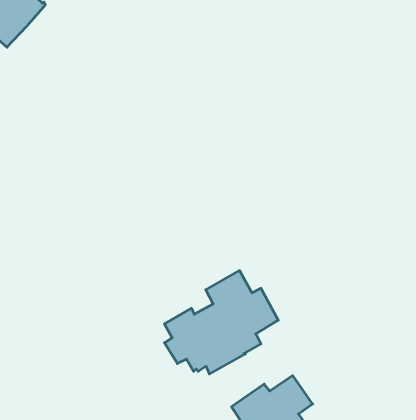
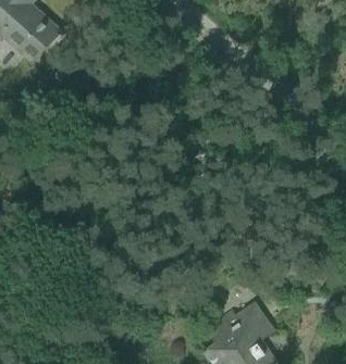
building: [164,271,278,374] -> none

